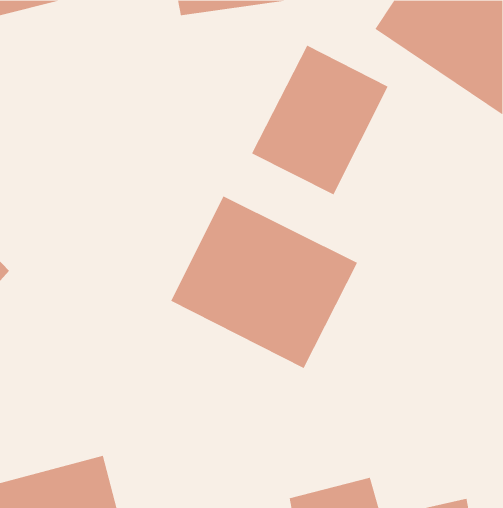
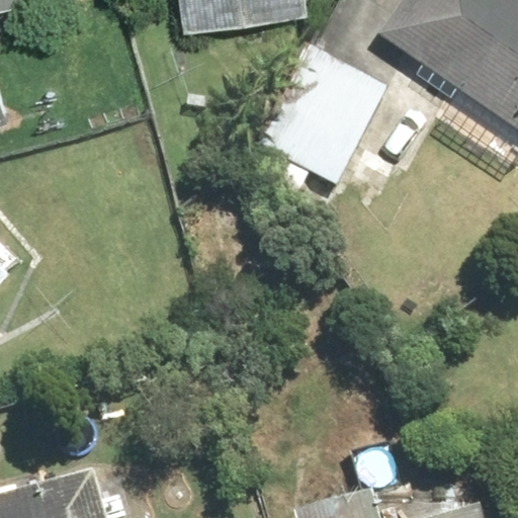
building: [170,196,358,369] -> none

